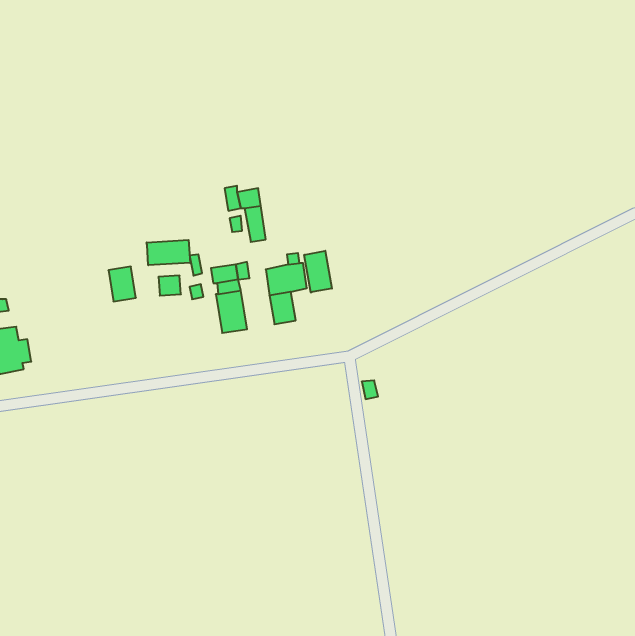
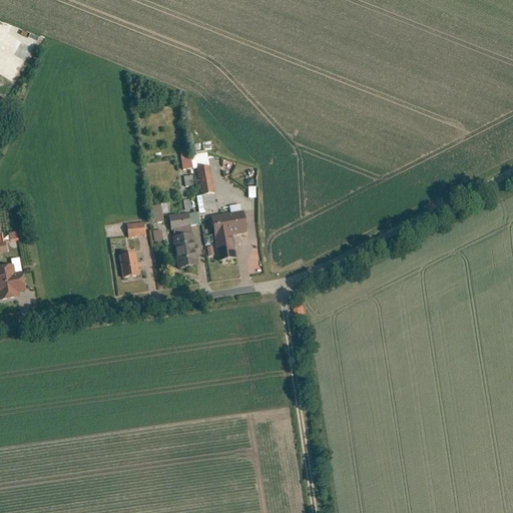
building: [147,240,190,265] -> none
building: [304,251,332,293] -> none
building: [108,267,136,301] -> [119,251,141,280]

